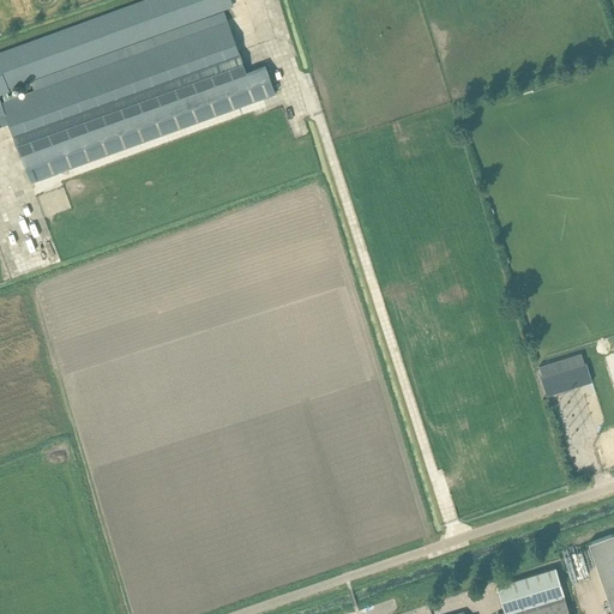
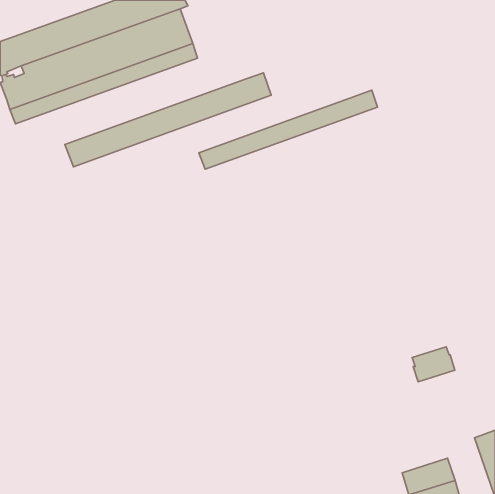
building: [19,66,275,182] -> [65,73,271,167]
building: none -> [199,90,378,169]
building: [538,354,591,397] -> [412,347,455,382]

